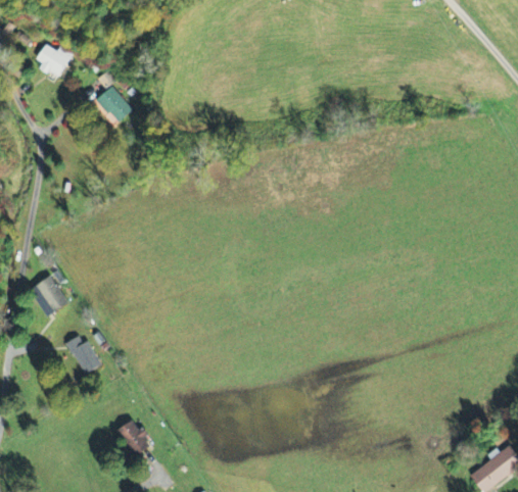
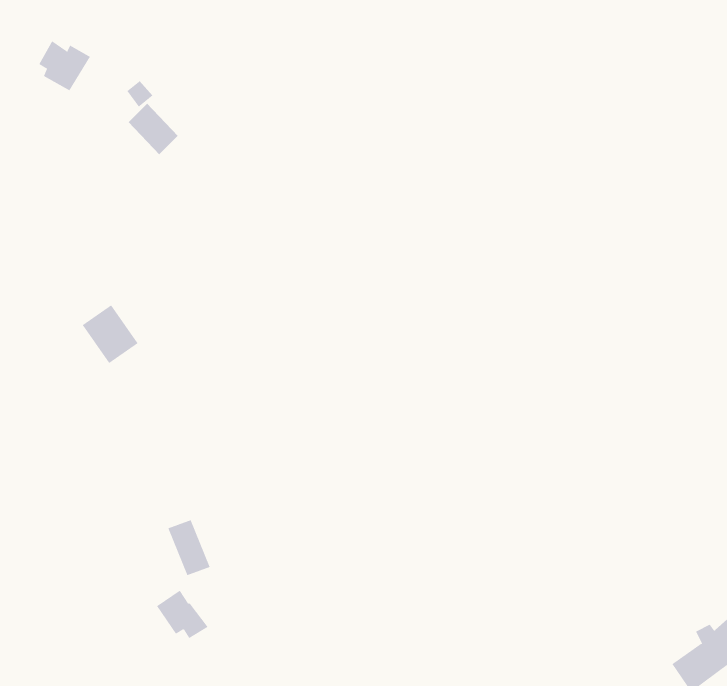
building: [30,276,68,316] -> [82,304,138,364]
building: [68,336,98,375] -> [167,519,211,576]

